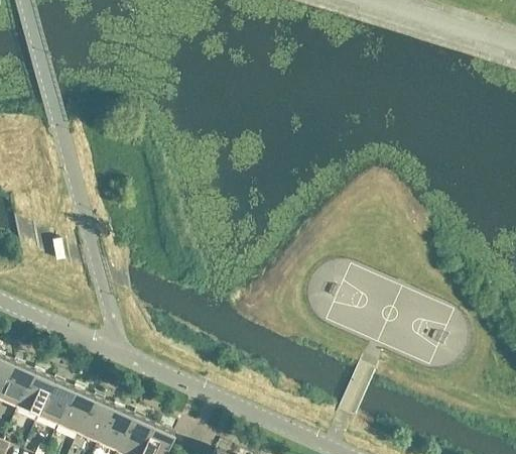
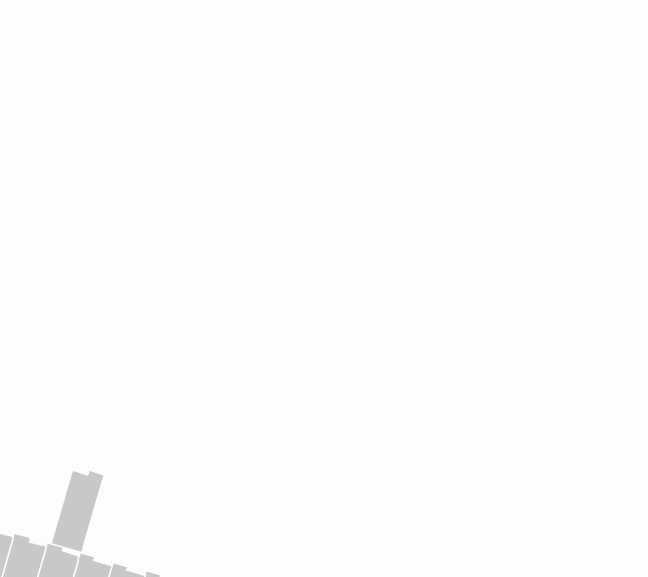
building: none -> [51,470,104,553]

